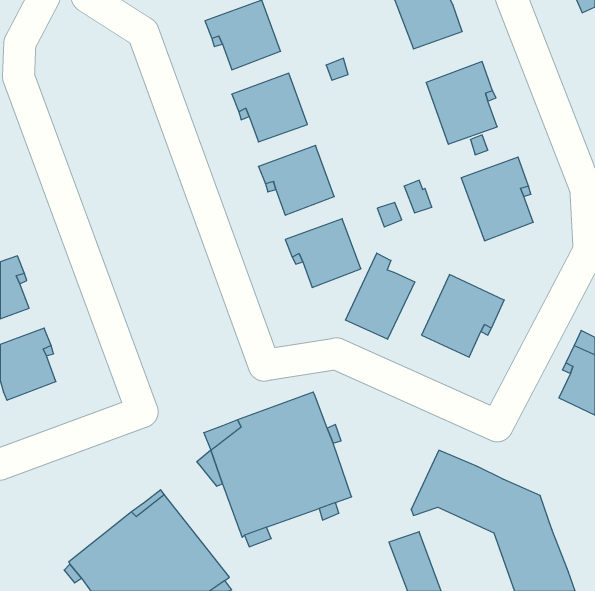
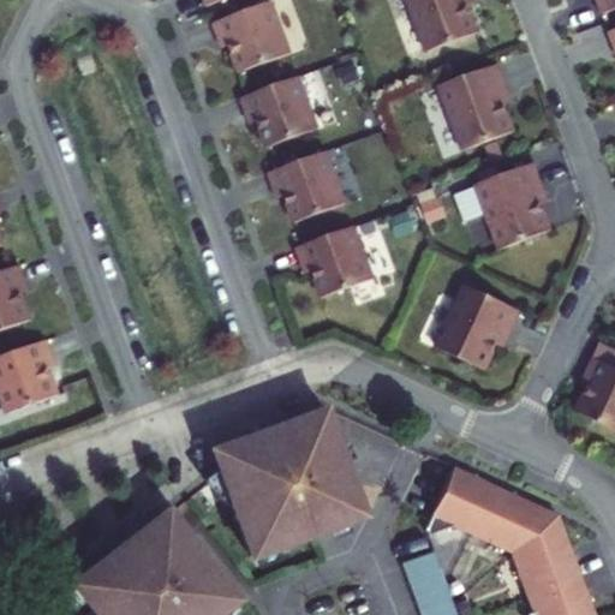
building: [346,253,415,339] -> none

